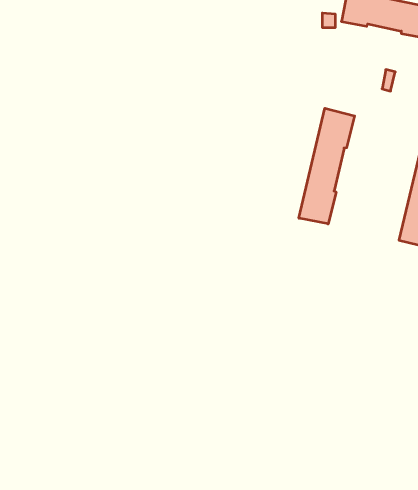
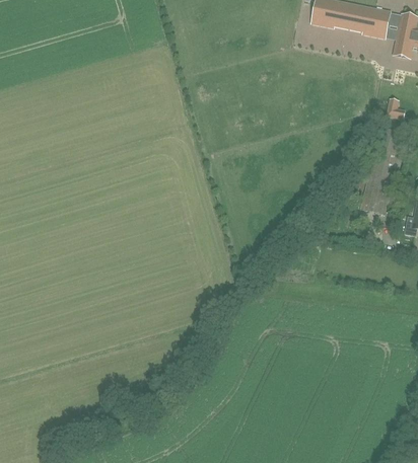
building: [299,108,355,224] -> none

